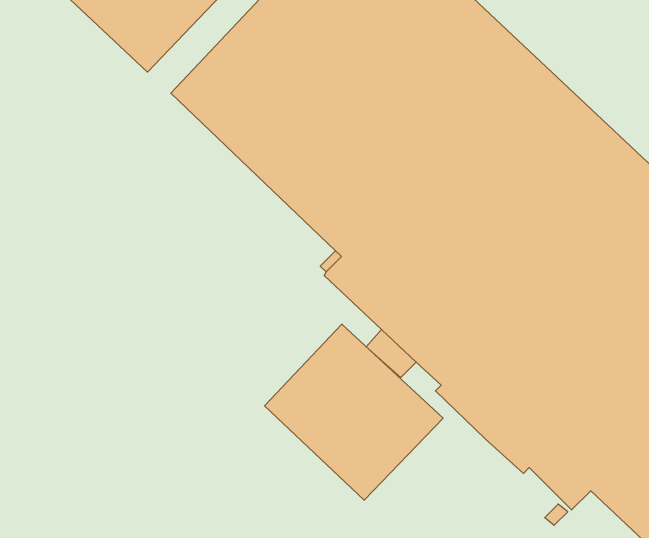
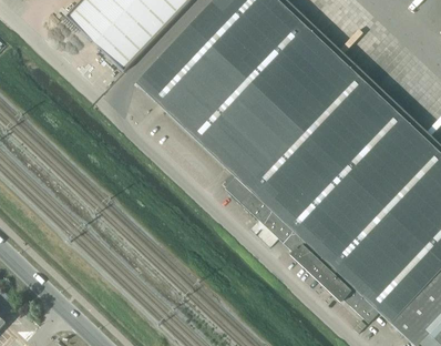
building: [265,324,443,500] -> none

